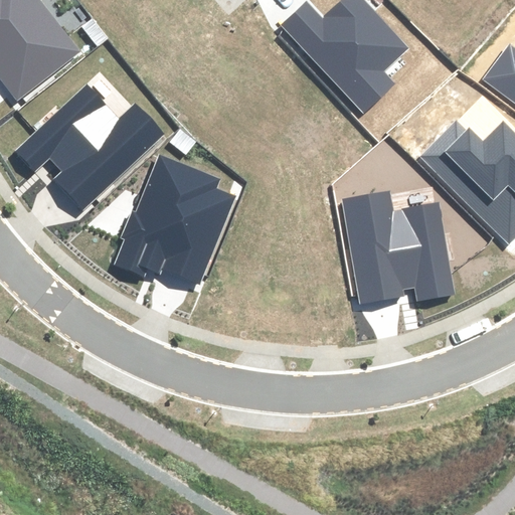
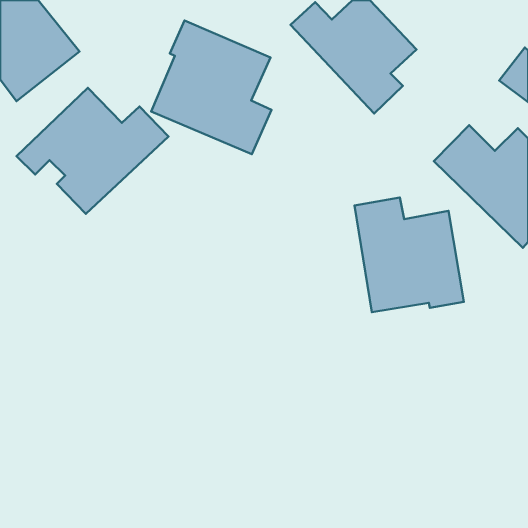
building: none -> [151,20,271,154]
building: [115,154,235,284] -> none

